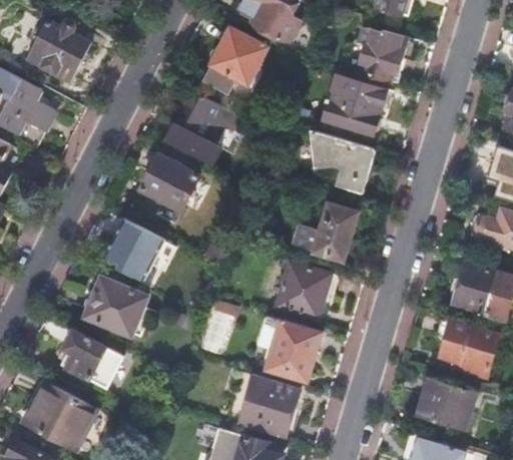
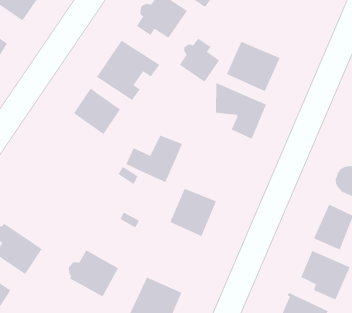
building: [358,32,403,77] -> none
building: none -> [179,38,220,83]
building: [290,204,356,262] -> [126,135,183,183]
building: [106,220,165,278] -> none
building: [85,278,146,333] -> [68,250,119,297]
building: [266,321,322,380] -> none

